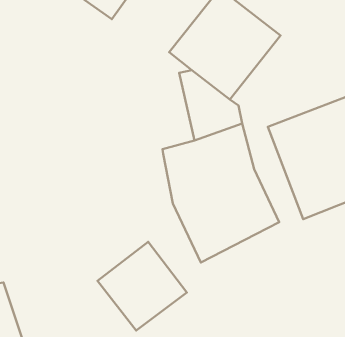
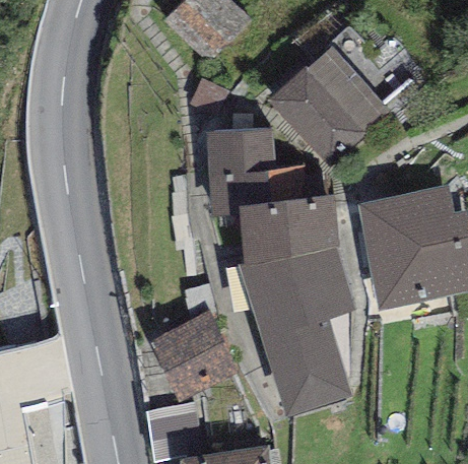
building: none -> [206,131,276,218]
building: none -> [262,320,351,418]

